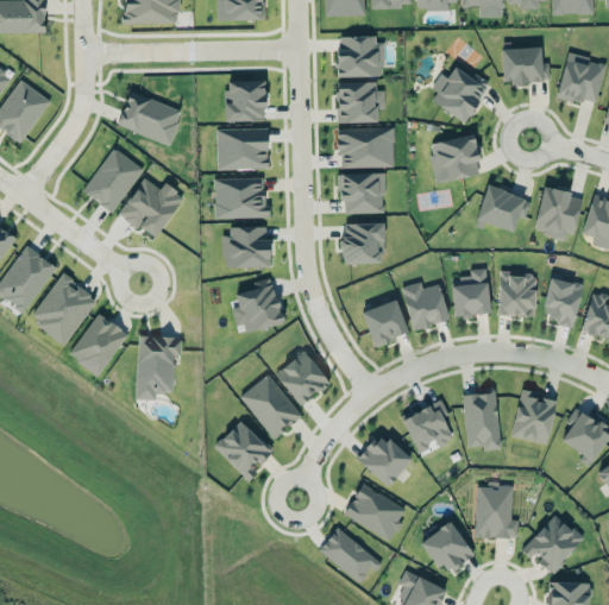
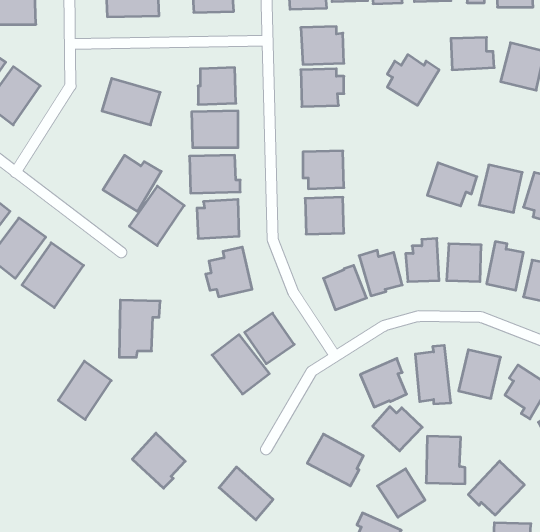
building: [338,127,395,169] -> none
building: [429,136,481,183] -> none
building: [82,147,143,213] -> [129,186,184,246]
building: [69,313,127,377] -> [58,361,111,420]
building: [214,420,272,480] -> [132,433,185,488]
building: [357,437,412,486] -> [373,407,422,451]
building: [319,527,378,585] -> [219,467,273,520]

